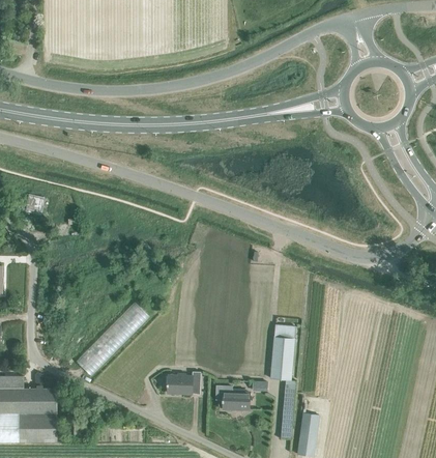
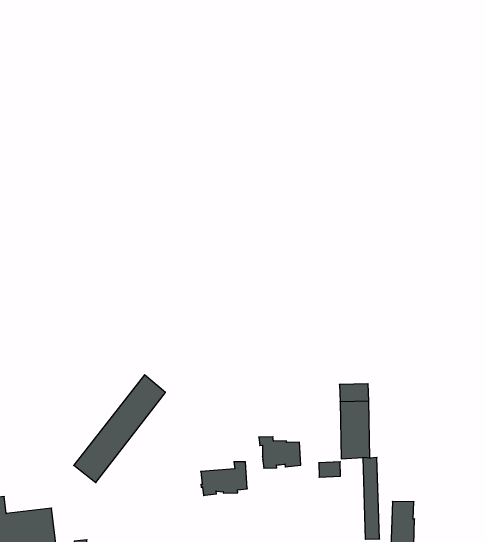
building: [222,385,251,409] -> [259,437,301,468]

